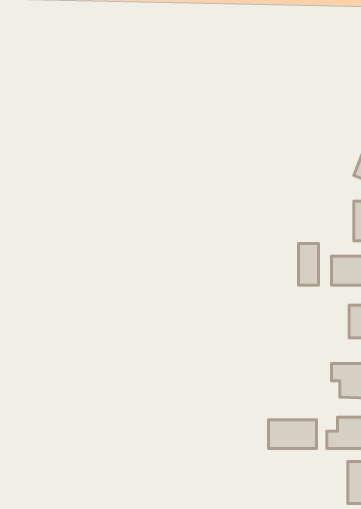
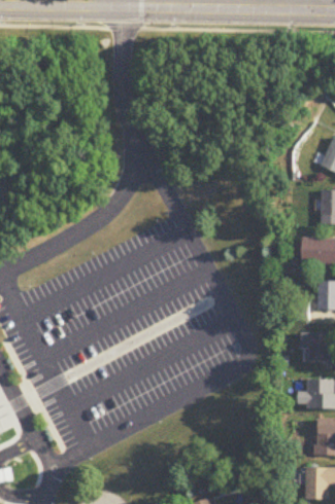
building: [298,243,319,285] -> none
building: [269,420,317,449] -> none

